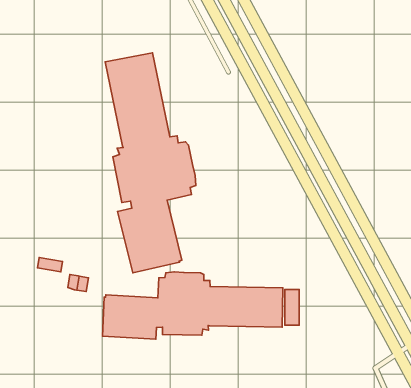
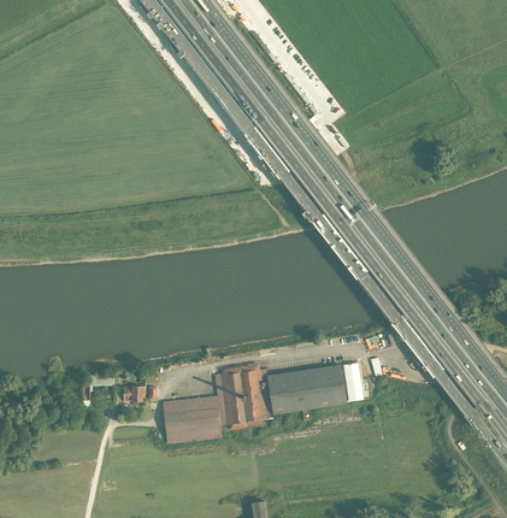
building: [105,53,196,273] -> none

